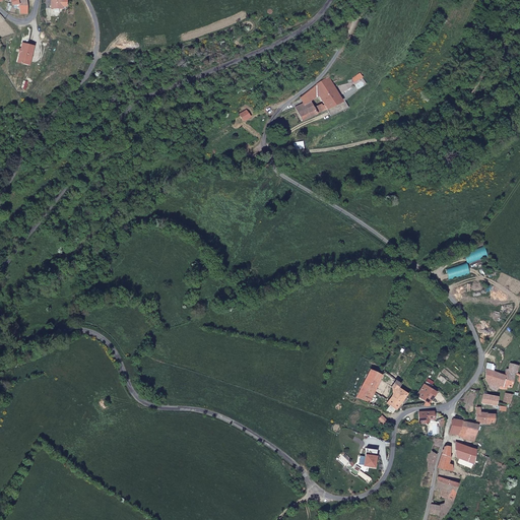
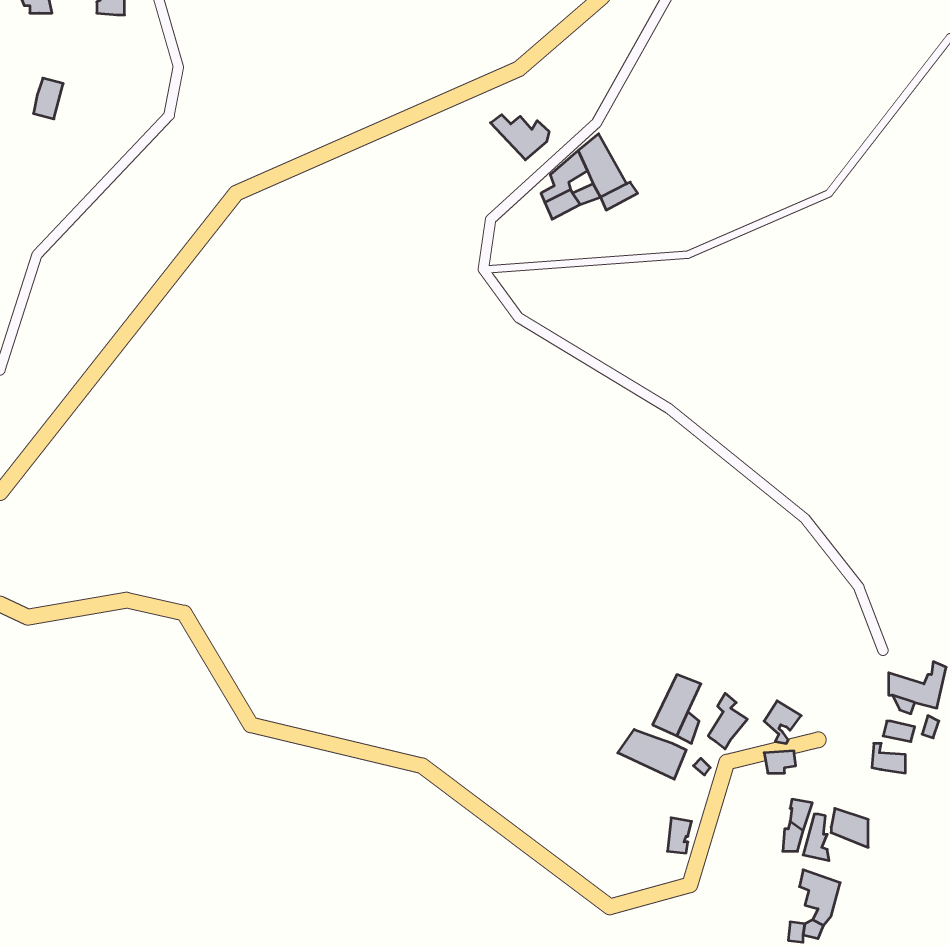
building: none -> [490,115,549,160]
building: none -> [618,729,686,779]
building: [450,418,478,441] -> none

